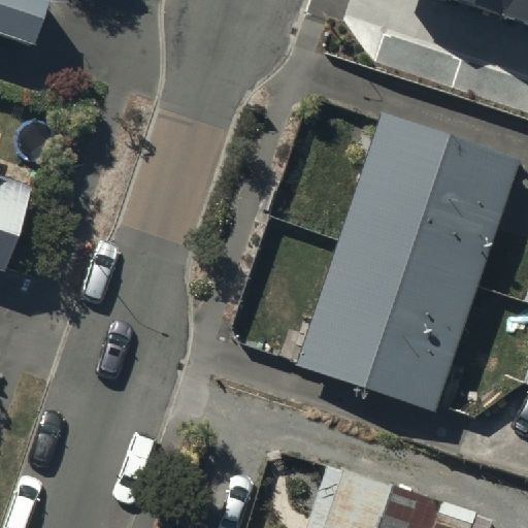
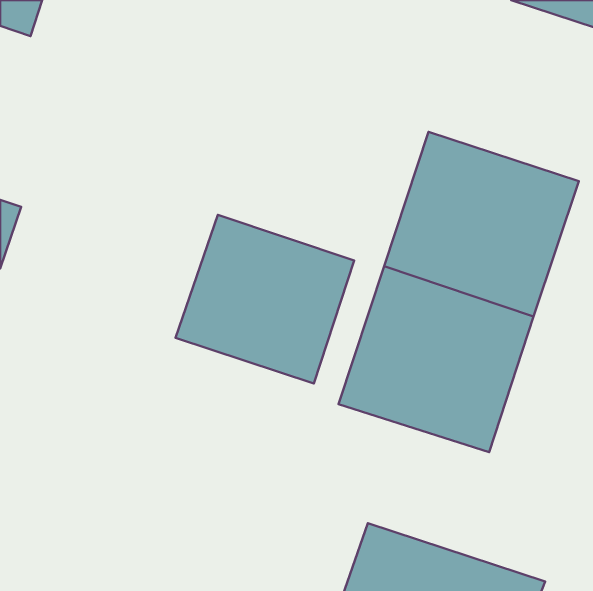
building: none -> [176,215,354,383]

